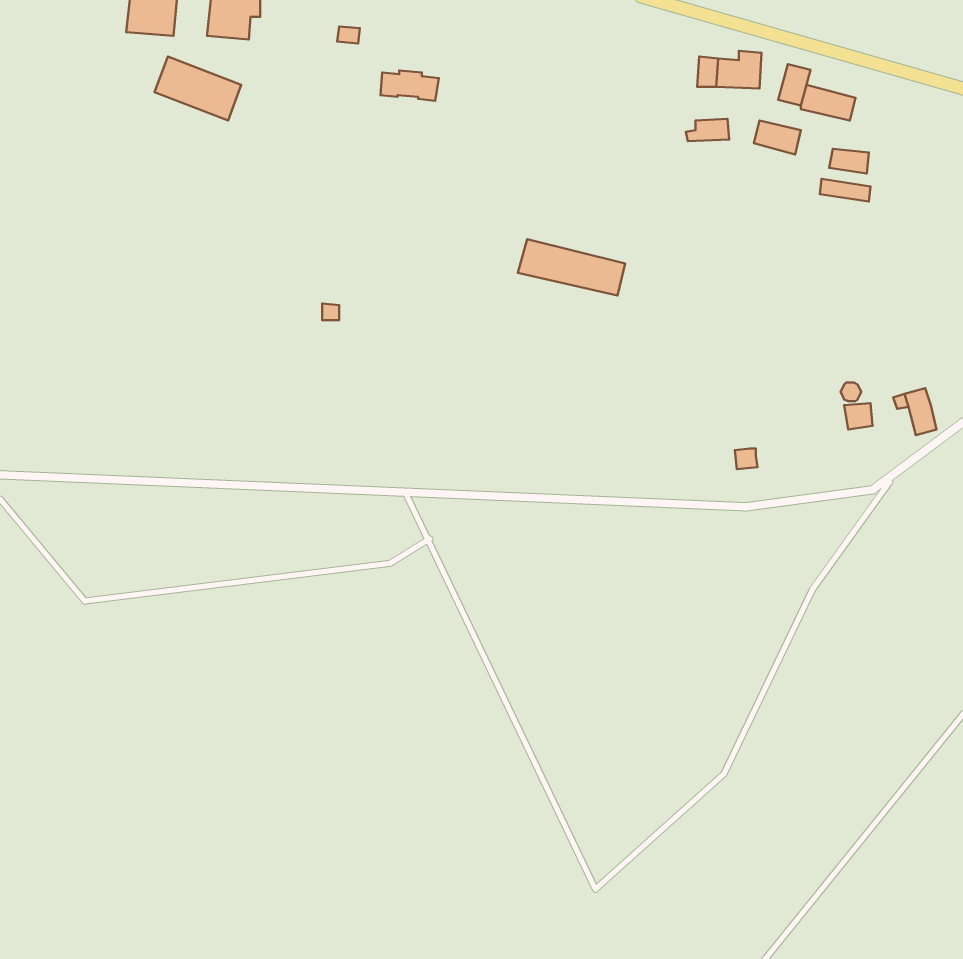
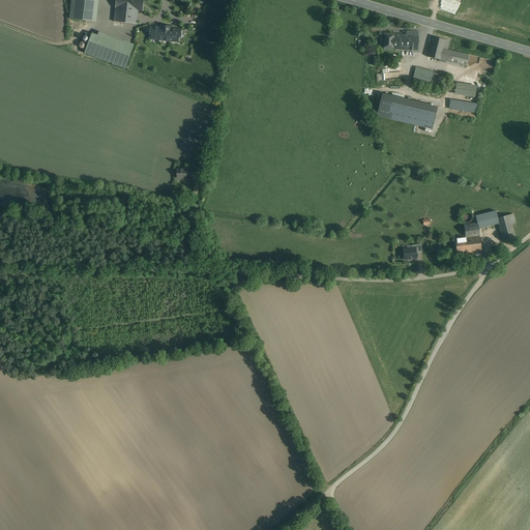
building: [380,71,439,101] -> [149,24,181,40]
building: [518,239,625,296] -> [377,95,436,126]
building: none -> [455,234,481,253]

